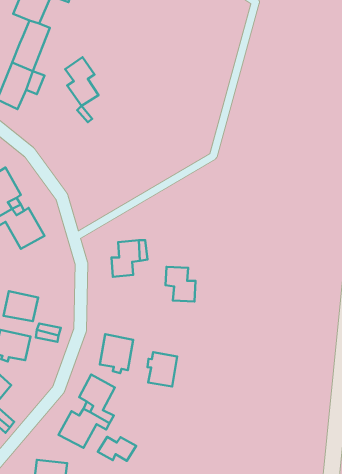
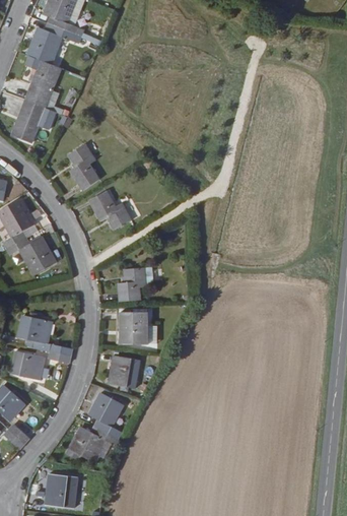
building: [65,57,99,106] -> [67,144,98,190]
building: none -> [88,191,131,230]
building: [165,267,196,301] -> [120,312,148,344]
building: [148,352,177,387] -> none
building: [98,437,136,461] -> none

